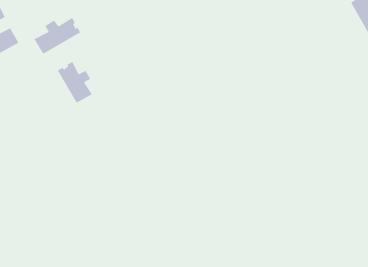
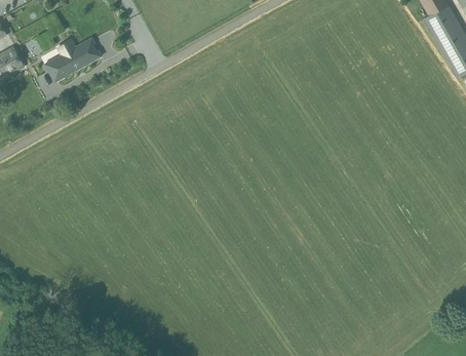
building: [57,61,92,103] -> none

